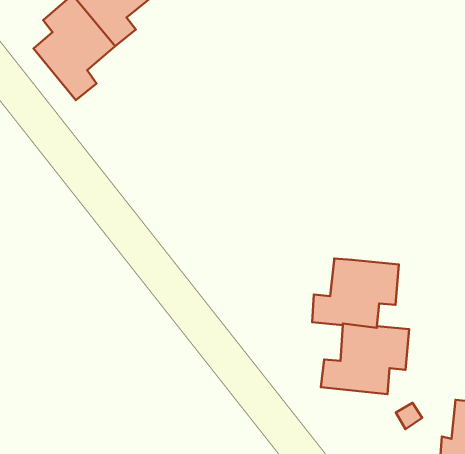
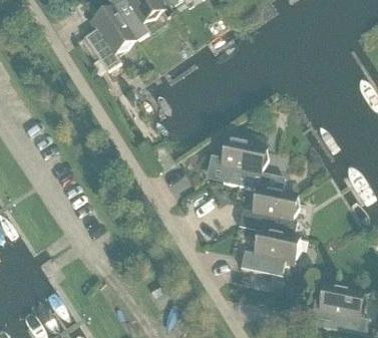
building: none -> [219,126,299,194]

